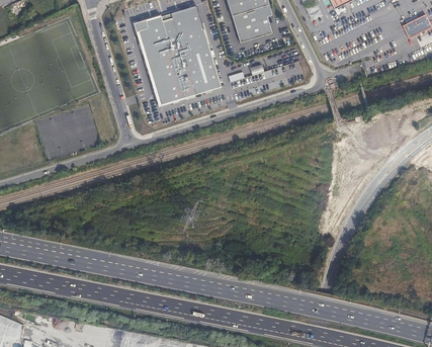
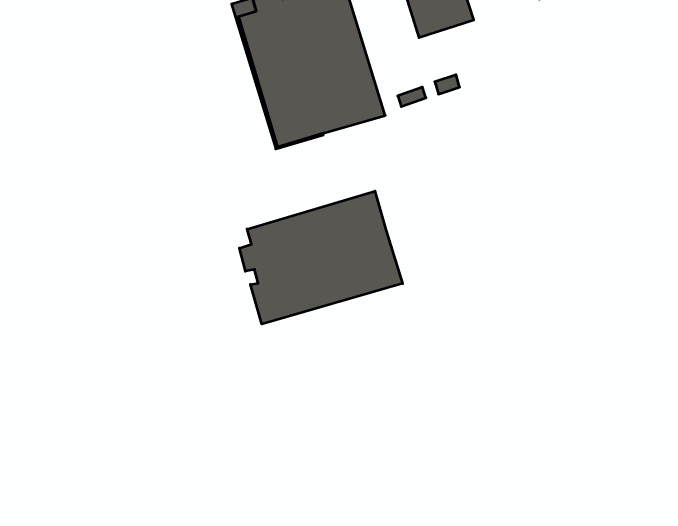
building: none -> [239,191,403,324]

